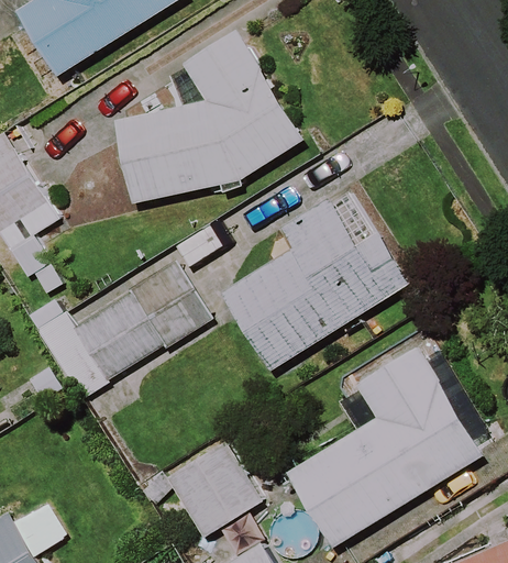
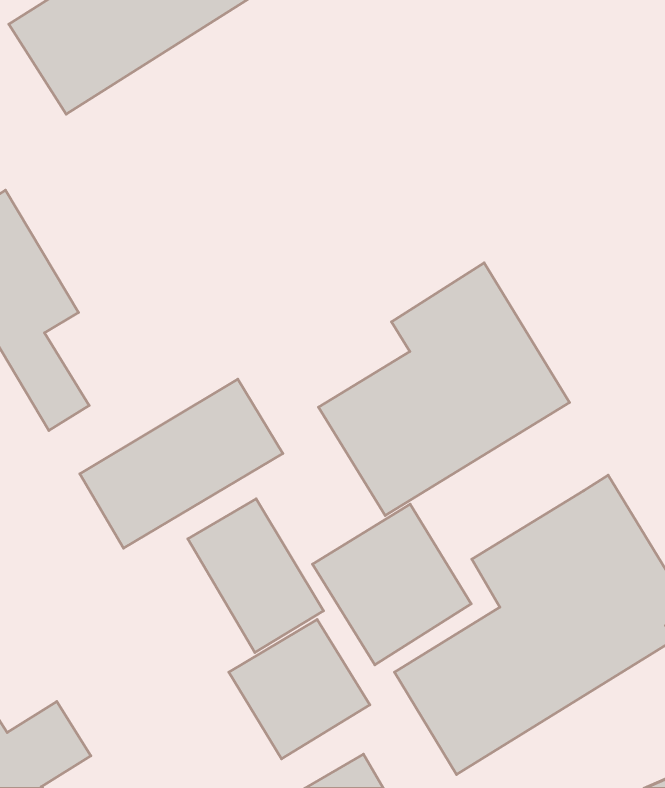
building: [107,21,305,206] -> none
building: none -> [188,499,324,652]
building: none -> [312,504,471,665]

